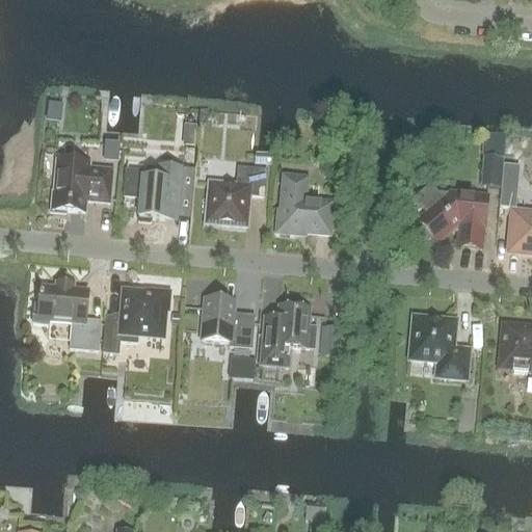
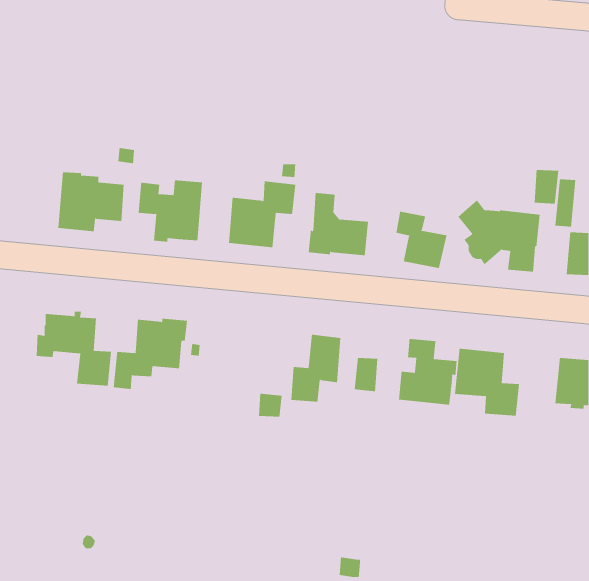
building: none -> [396,211,447,269]
building: [202,295,255,345] -> none
building: none -> [398,338,457,405]

